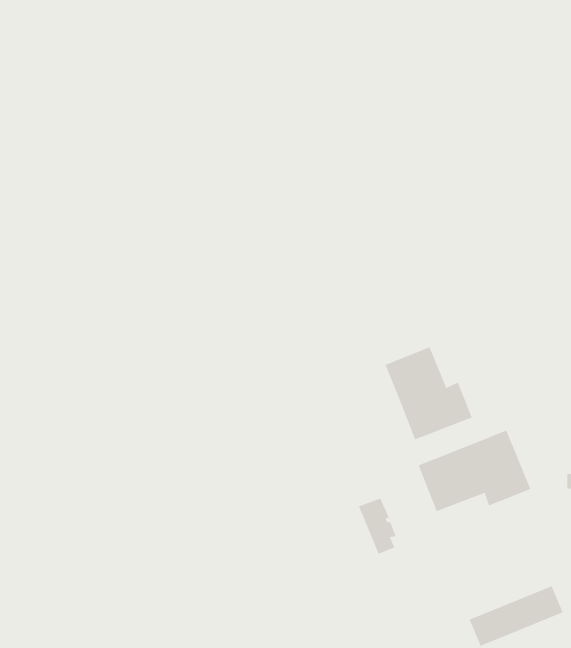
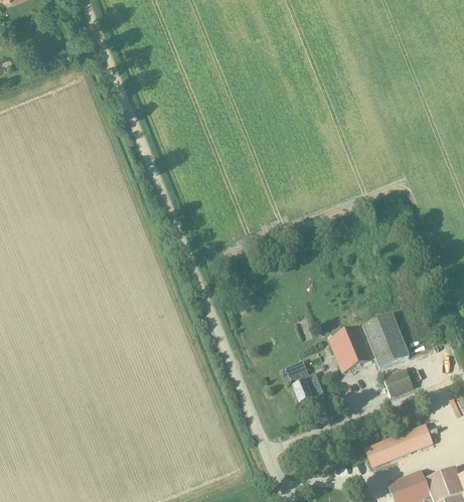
building: [385,347,472,440] -> none
building: none -> [383,368,414,396]

